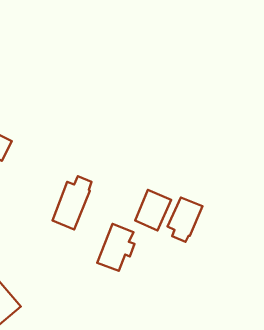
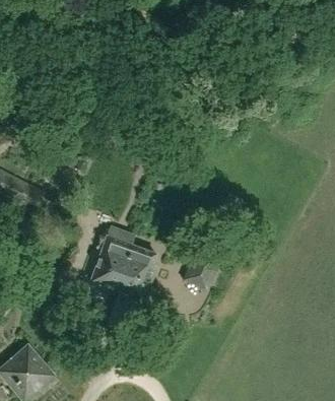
building: [168,197,202,242] -> none
building: [97,224,134,271] -> [115,244,156,296]

